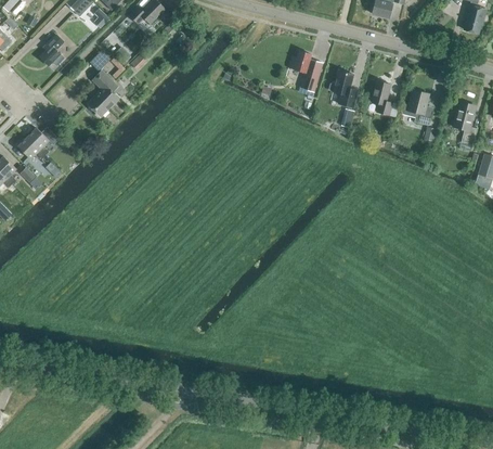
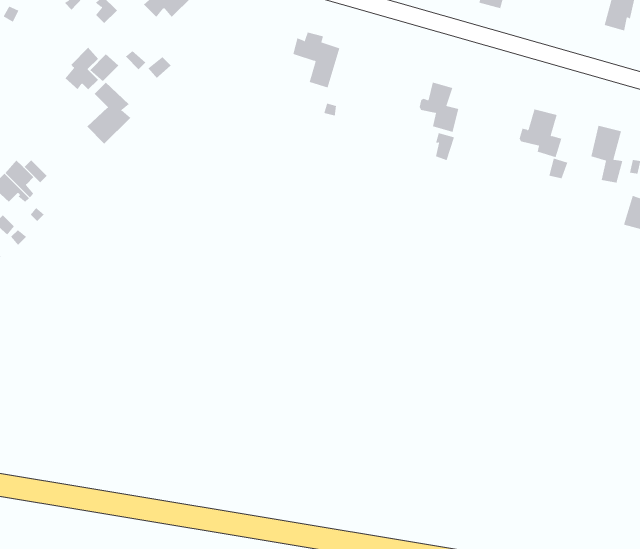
building: [40,34,65,65] -> [64,47,99,90]
building: [288,51,323,92] -> [292,32,340,88]
building: [372,80,393,115] -> none

